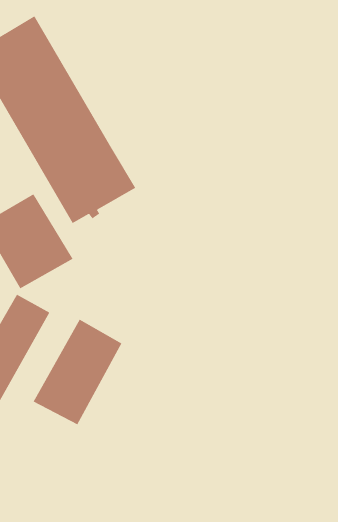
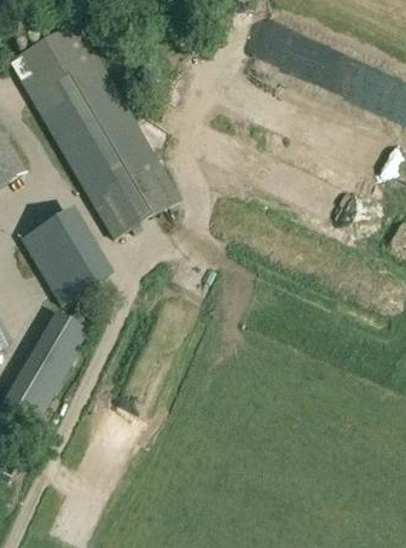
building: [33,319,122,425] -> none

